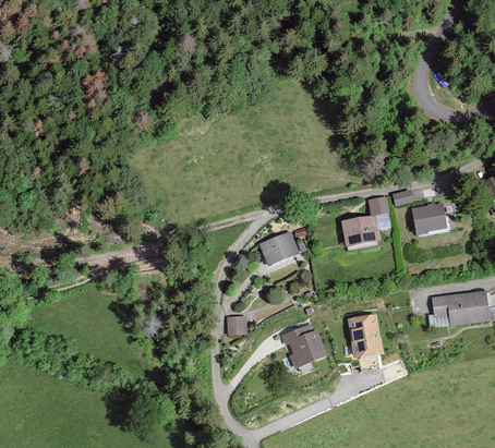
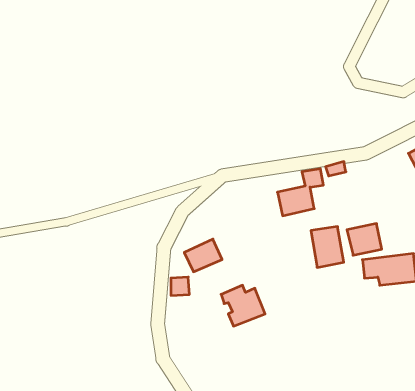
building: [412,203,449,237] -> [347,224,382,255]
building: [258,232,299,267] -> [184,239,222,272]
building: [347,313,382,356] -> [311,227,344,267]

